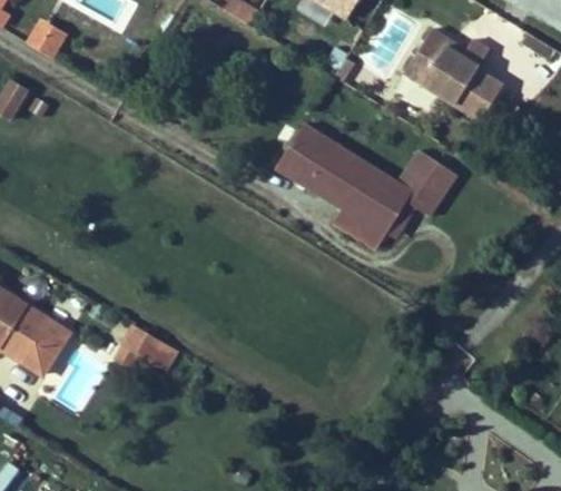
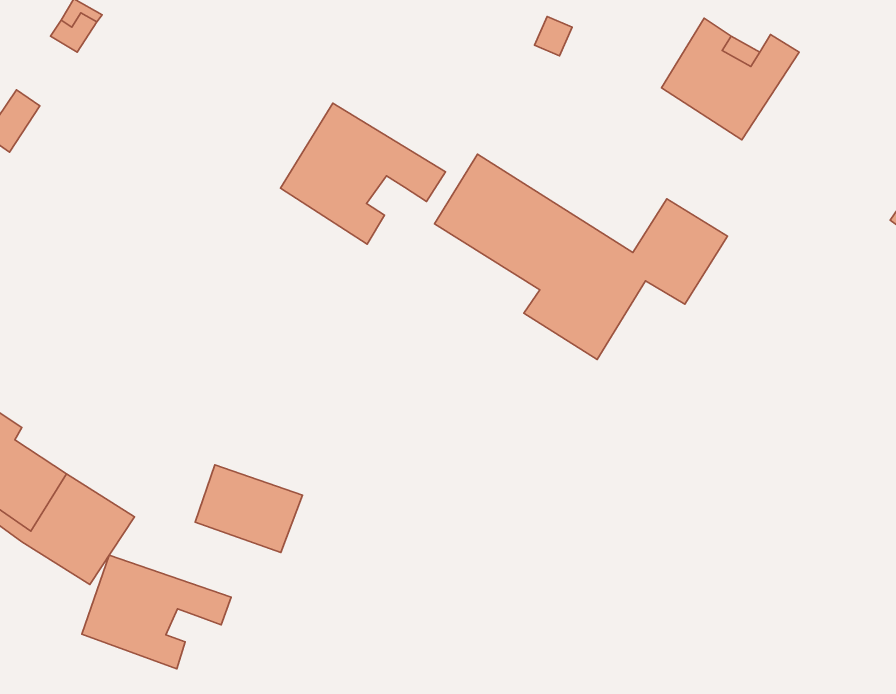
building: none -> [280,103,446,244]
building: none -> [82,555,231,669]

